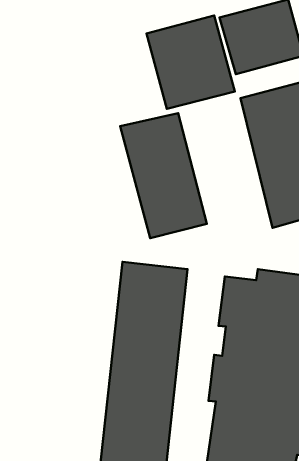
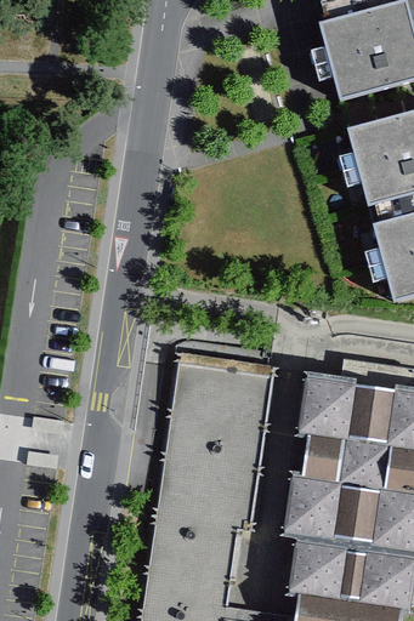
building: [147,15,235,109] -> none
building: [120,113,207,238] -> none

